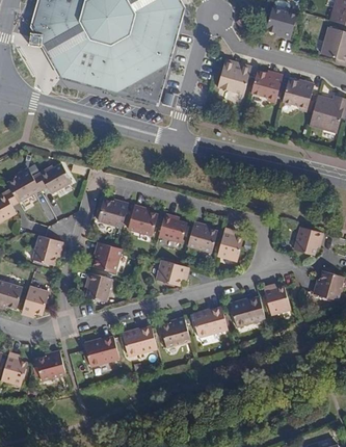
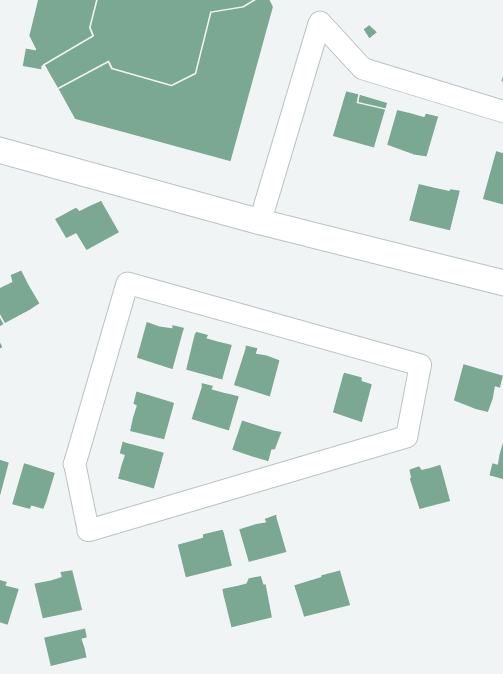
building: [264,7,296,40] -> none
building: [282,78,314,107] -> [408,183,461,231]
building: [32,164,73,195] -> [54,200,120,251]
building: [187,221,217,252] -> [190,382,240,432]
building: [32,235,62,265] -> none
building: [231,295,265,326] -> none
building: [192,307,228,336] -> [293,570,351,617]
building: [84,336,119,366] -> none
building: none -> [221,575,273,628]
building: none -> [43,627,88,667]

